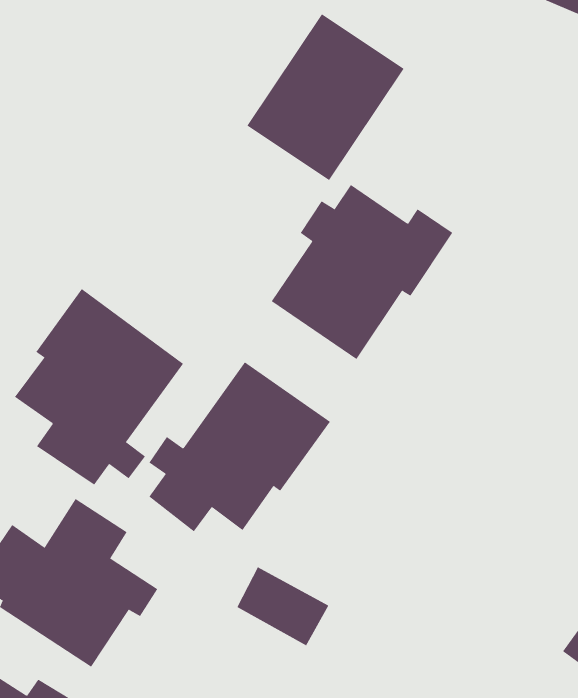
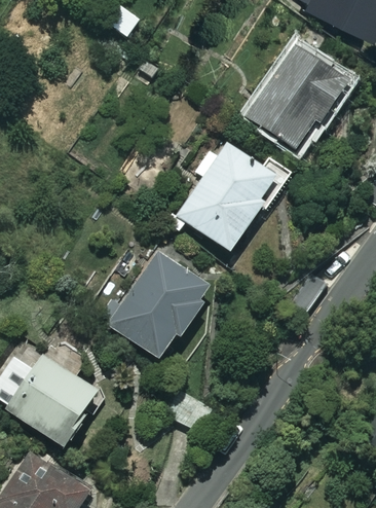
building: [247,13,404,181] -> [246,43,345,149]
building: [14,288,184,486] -> none

